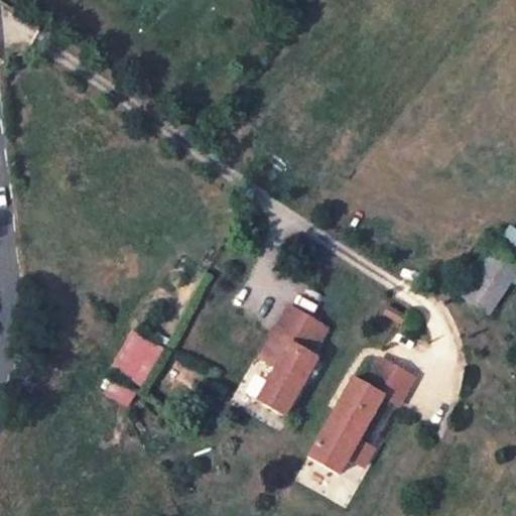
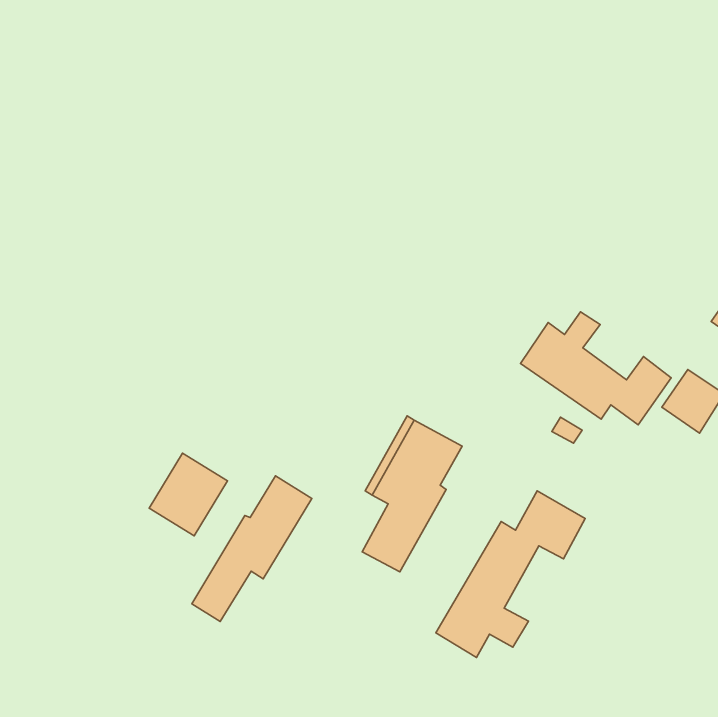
building: none -> [521,312,671,425]
building: none -> [192,476,312,622]

